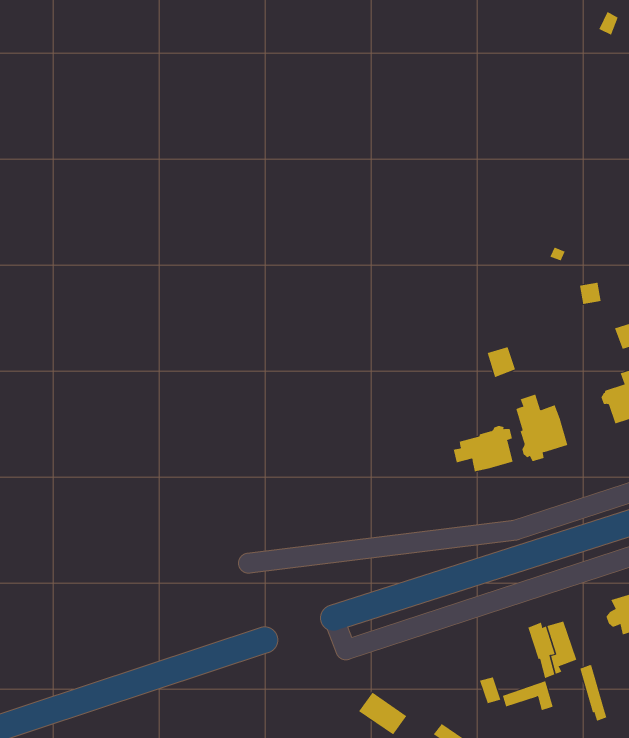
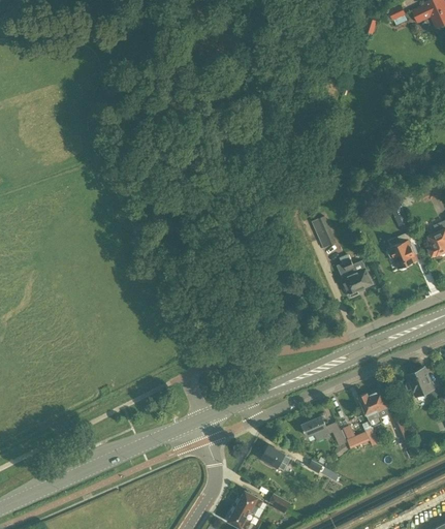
building: [453,425,513,472] -> none
building: none -> [301,415,330,441]

